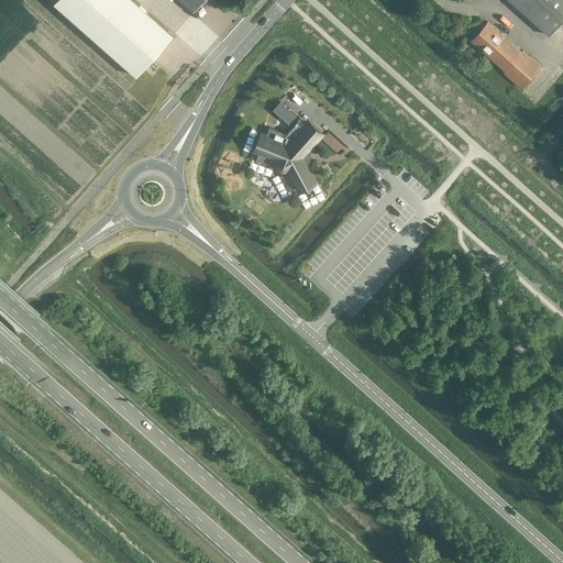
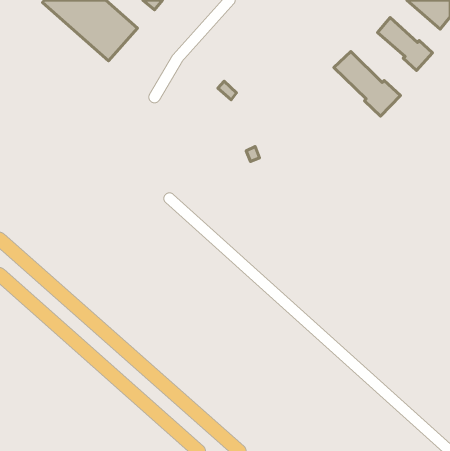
building: none -> [334,51,400,116]
building: [255,118,320,188] -> none

